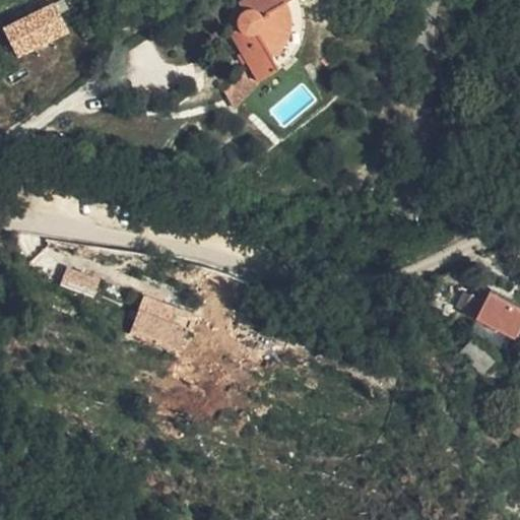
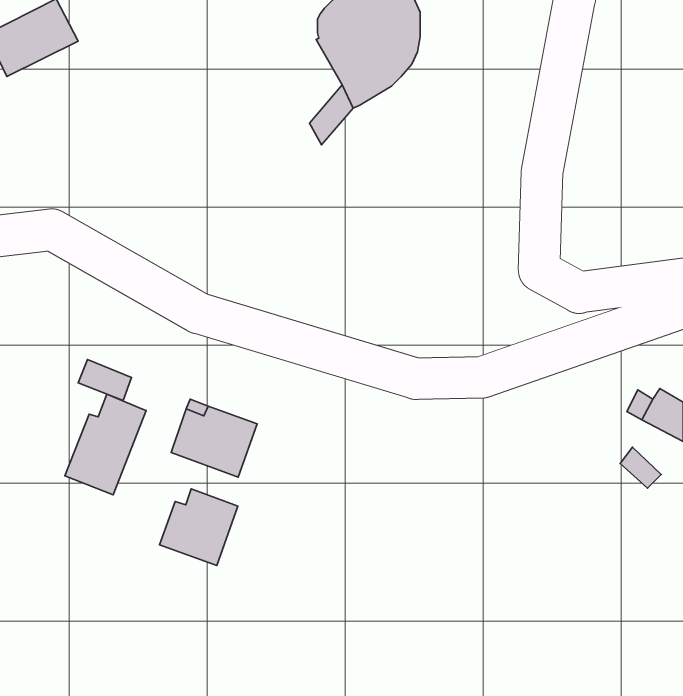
building: none -> [65,394,146,495]
building: none -> [159,489,238,566]

